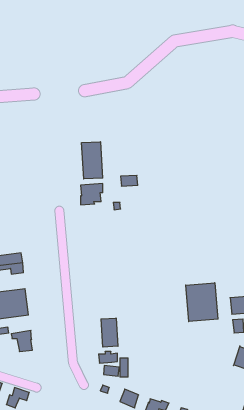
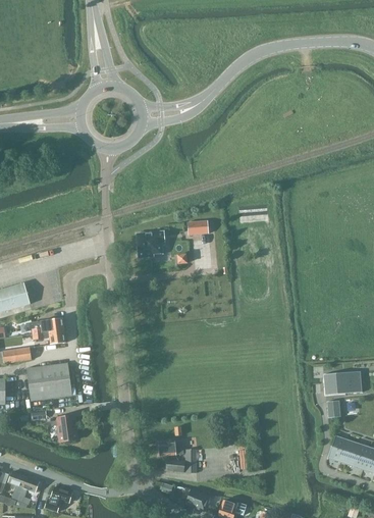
building: [82,142,103,179] -> none
building: [186,283,218,322] -> none
building: [101,318,118,347] -> none

